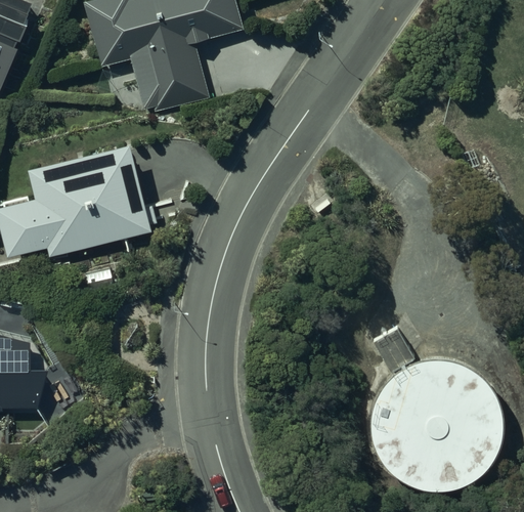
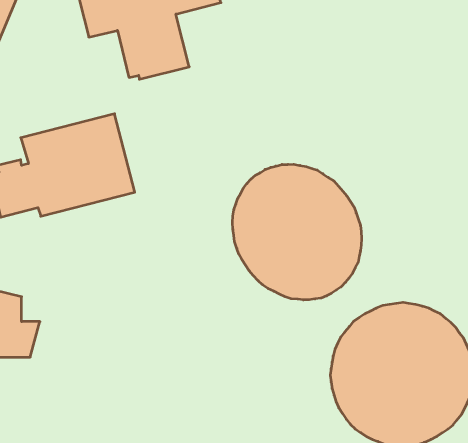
building: none -> [232,164,362,300]

